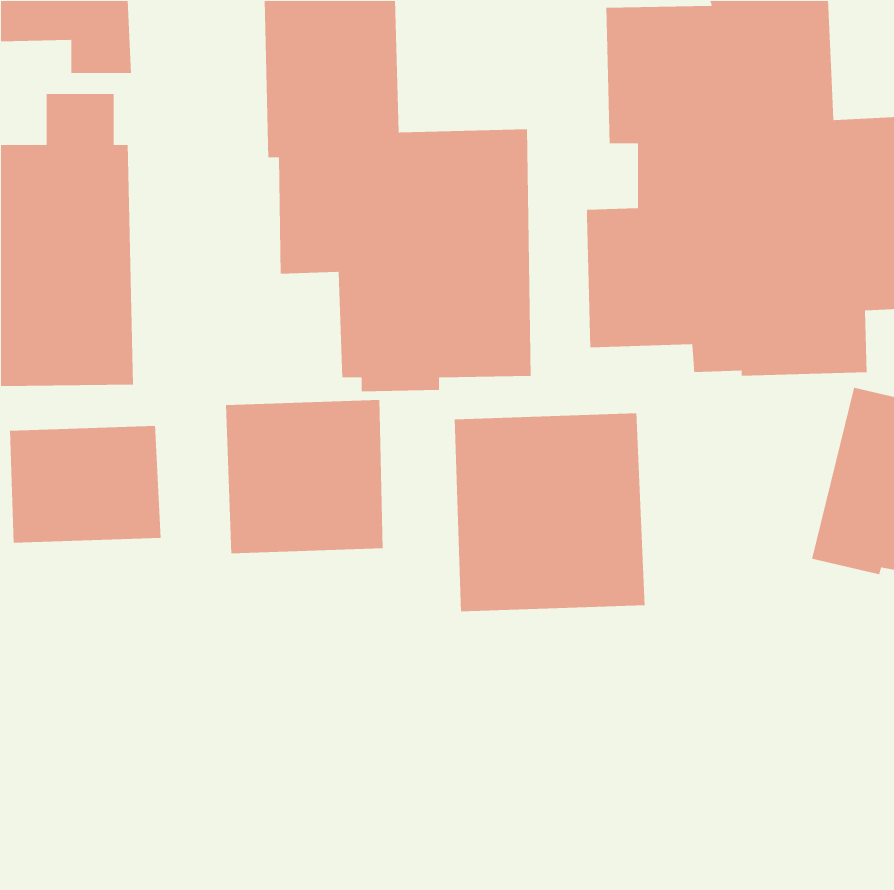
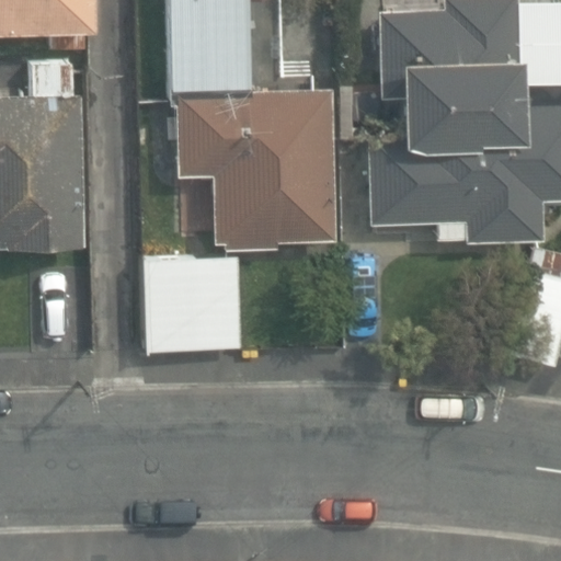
building: [454,413,645,612] -> none
building: [9,425,161,544] -> none

